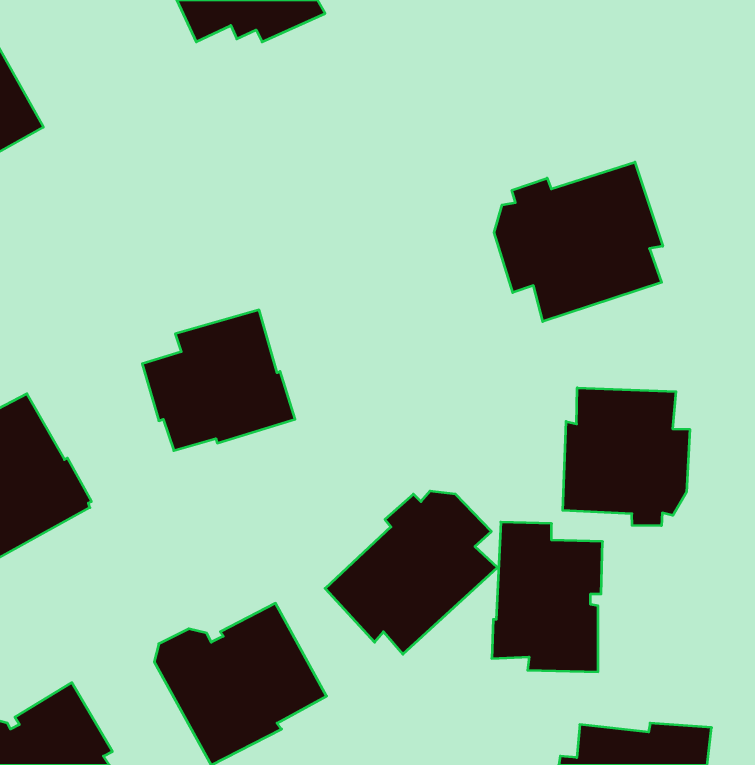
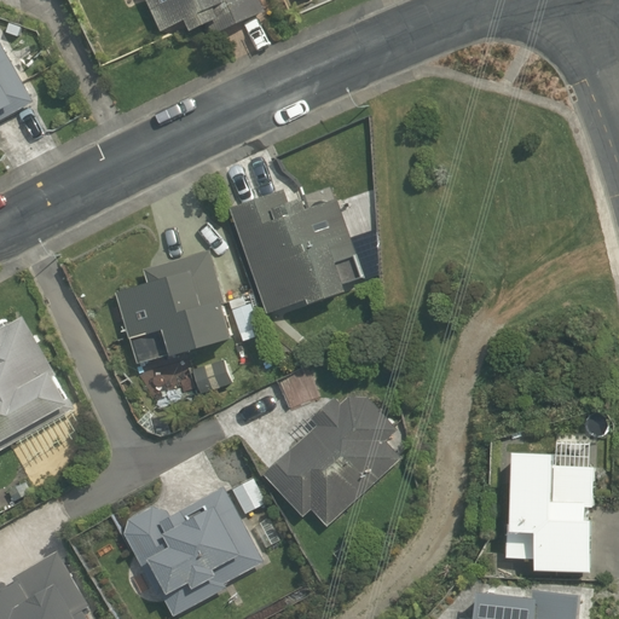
building: [494,162,663,322] -> none
building: none -> [230,190,354,314]
building: [563,388,690,526] -> none
building: [492,522,603,672] -> [497,446,586,567]

